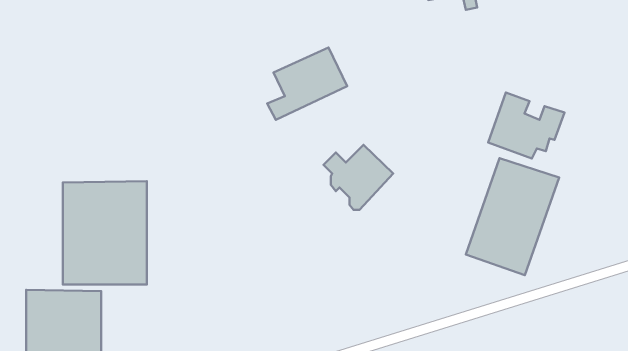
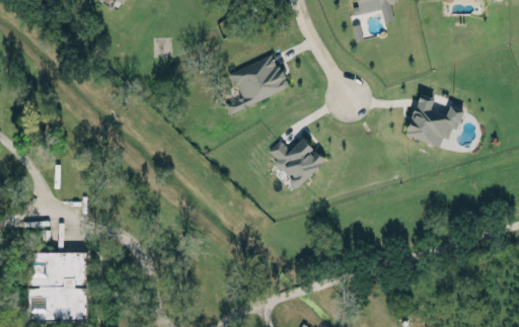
building: [466,158,559,275] -> none
building: [63,181,147,285] -> none

